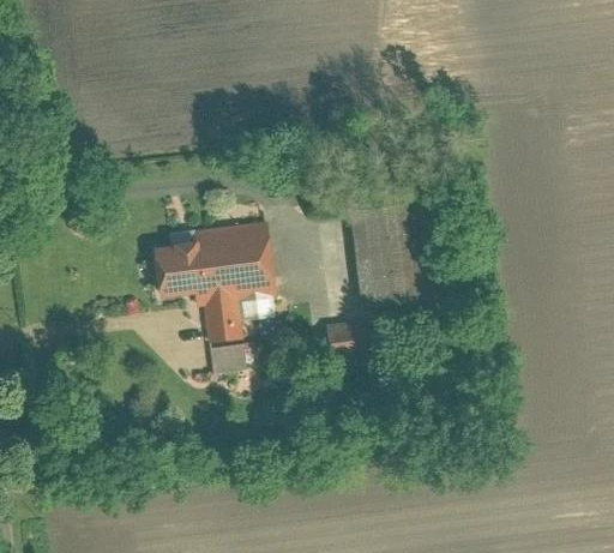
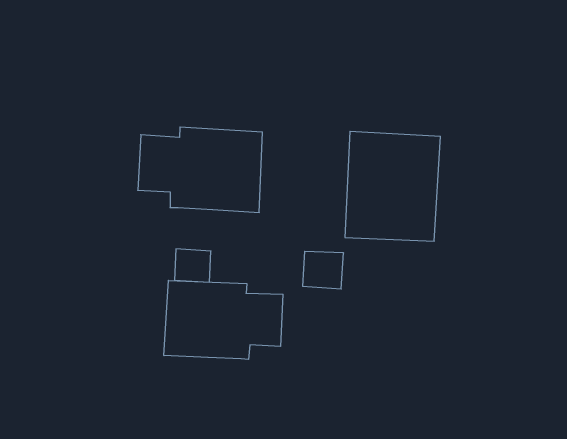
building: [203,302,240,344] -> none
building: none -> [164,280,283,359]

